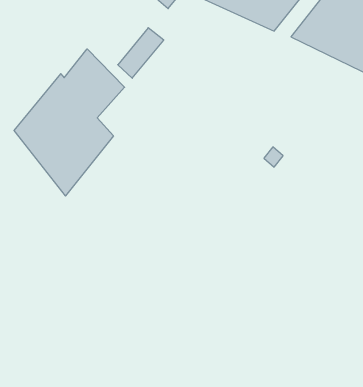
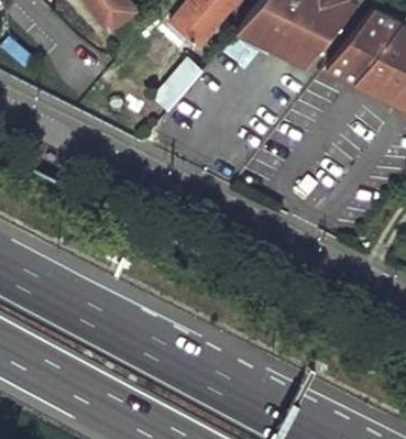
building: [14,49,125,196] -> none

